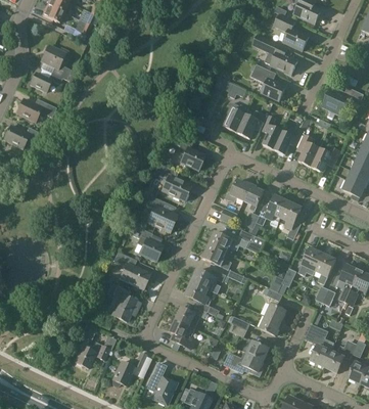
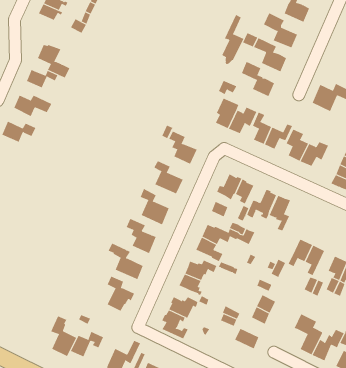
building: none -> [221,14,244,65]
building: none -> [50,315,77,357]
building: [224,351,264,373] -> none

